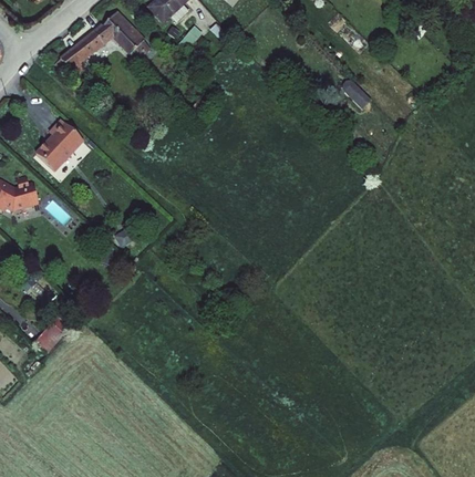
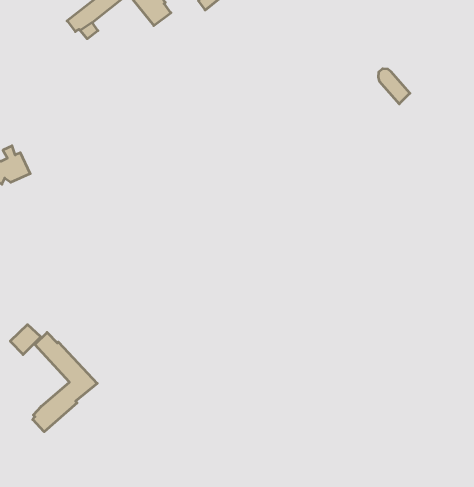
building: [40,117,87,168] -> none
building: none -> [33,332,97,432]

